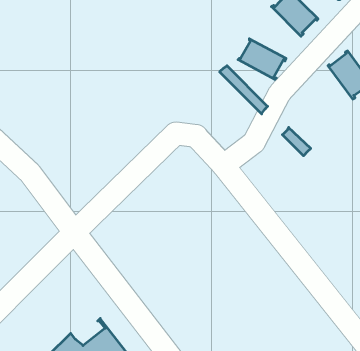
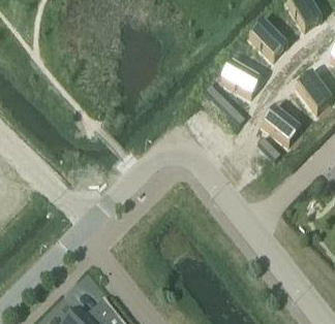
building: none -> [261,107,300,144]

